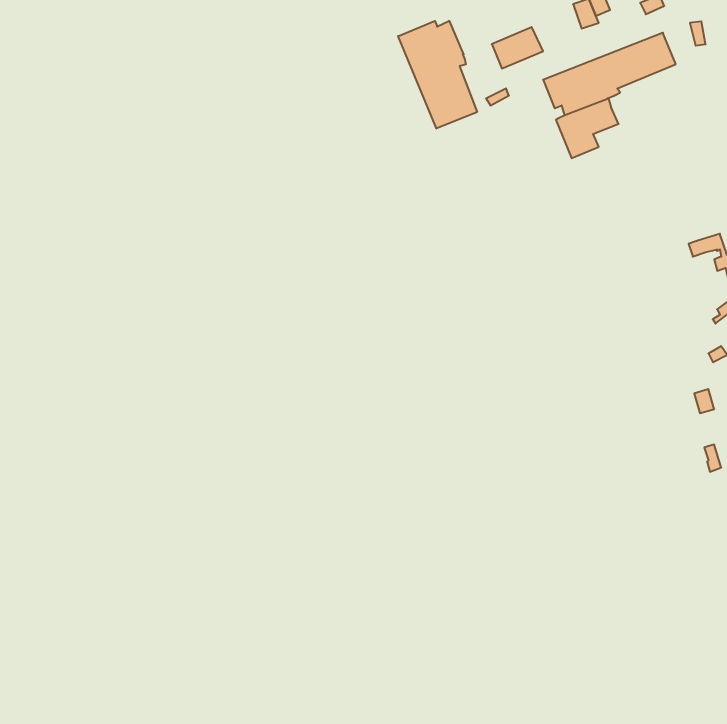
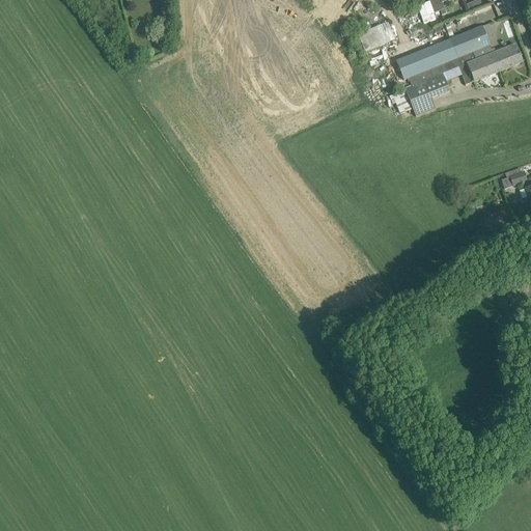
building: [398,21,477,129] -> none
building: none -> [450,43,524,83]

